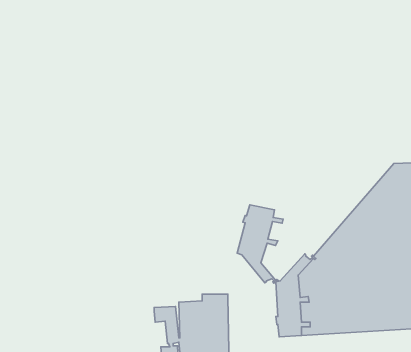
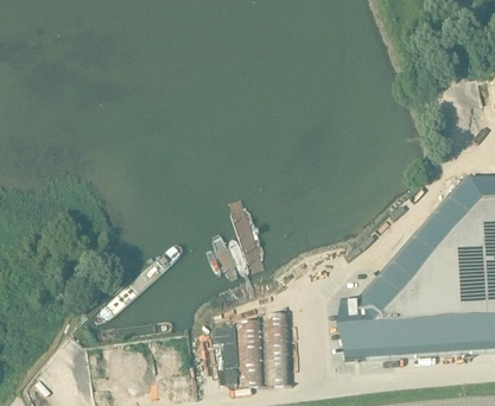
building: [237,205,283,283] -> none

